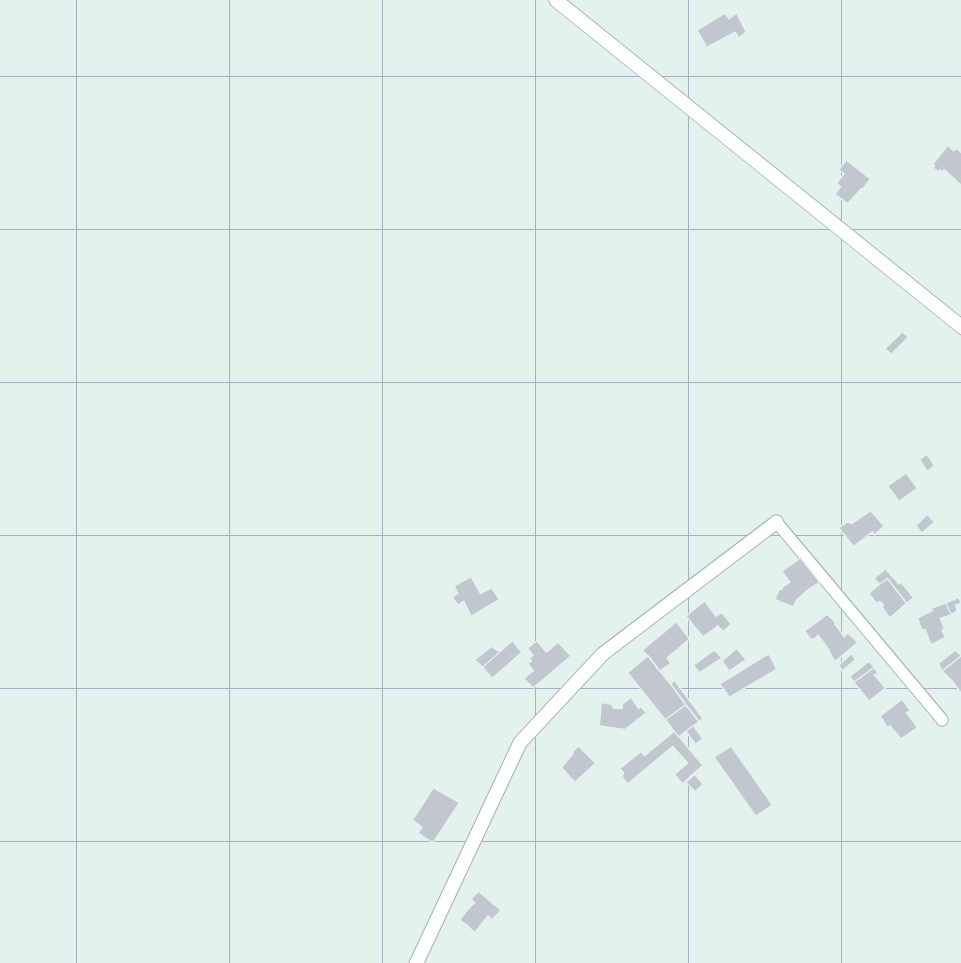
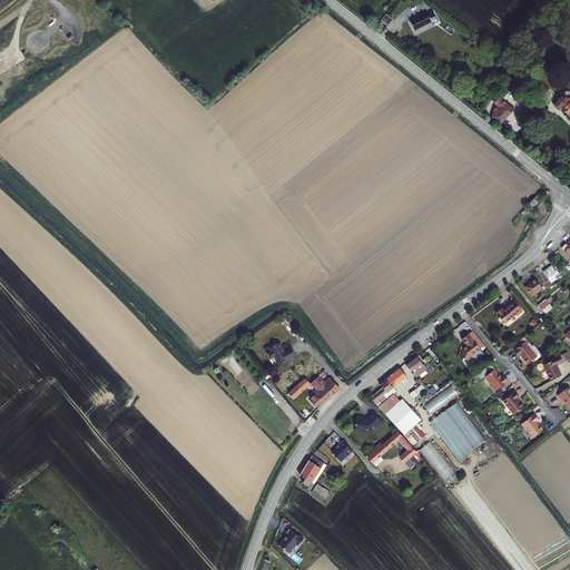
building: none -> [430,402,485,461]
building: [413,788,460,842] -> [301,455,328,488]

